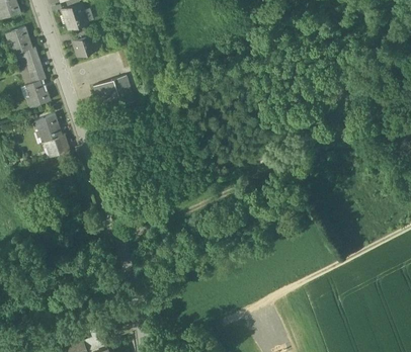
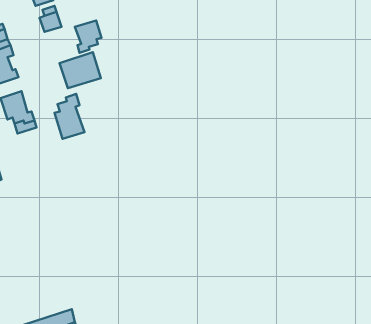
building: none -> [75,20,102,53]
building: none -> [54,94,84,139]

